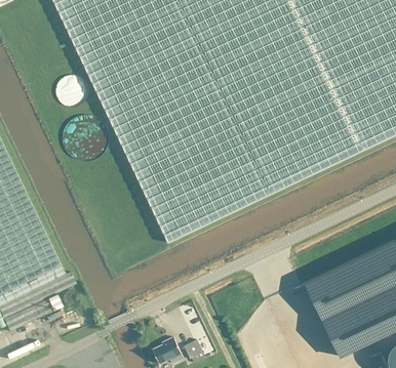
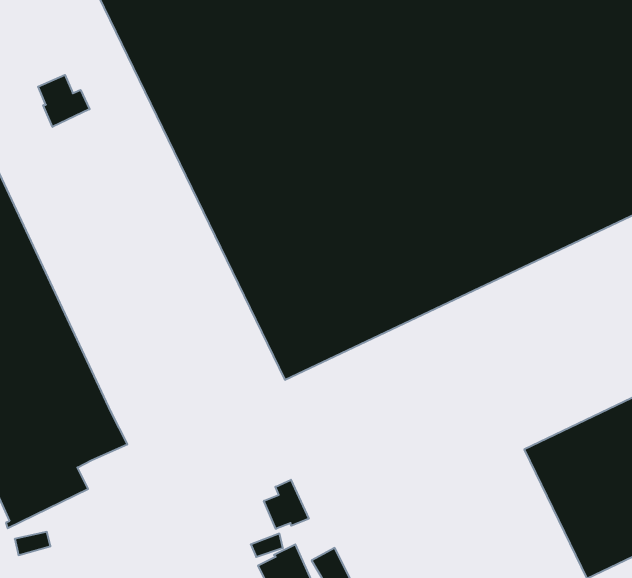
building: none -> [38,75,90,127]
building: none -> [264,480,309,529]

